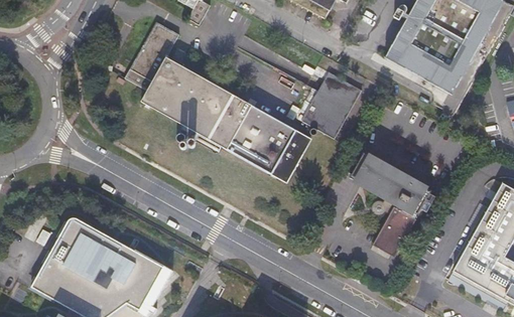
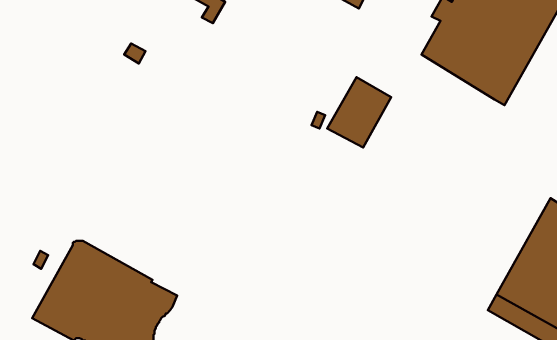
building: [130,19,306,179] -> none
building: [350,149,433,257] -> none

